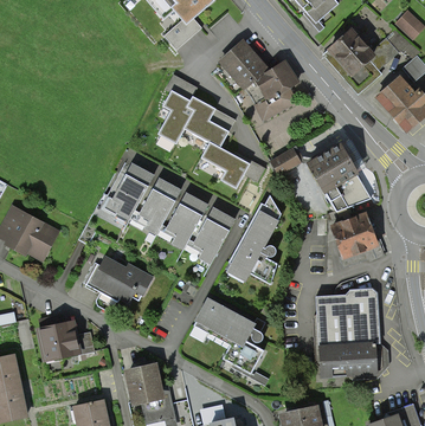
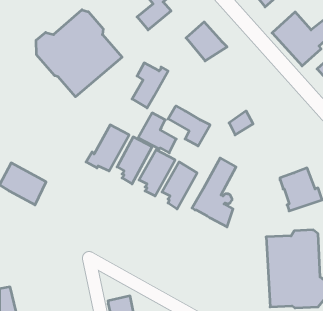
building: none -> [36,10,122,97]
building: [244,62,297,112] -> none
building: [183,98,228,146] -> [138,113,176,153]
building: [309,144,371,209] -> none
building: [84,257,152,299] -> none
building: [194,298,264,373] -> none
building: [41,323,95,370] -> none

